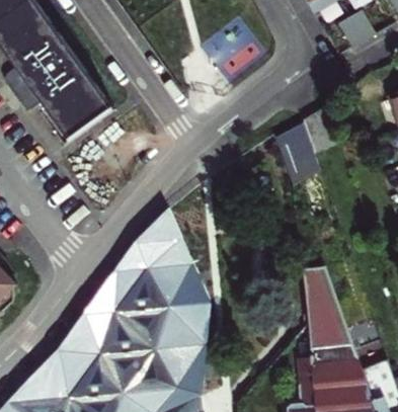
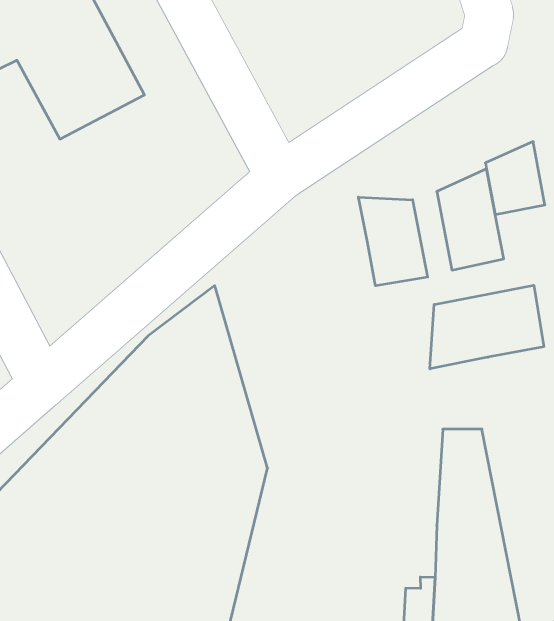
building: none -> [358,197,428,286]
building: none -> [430,285,544,369]

